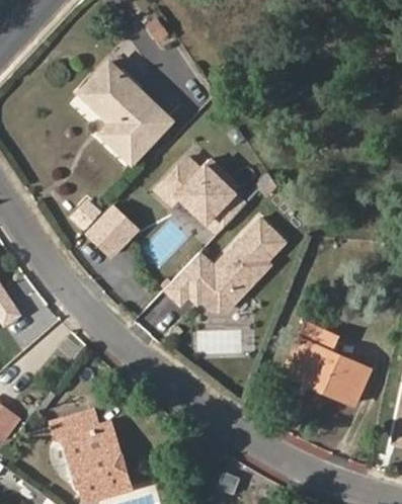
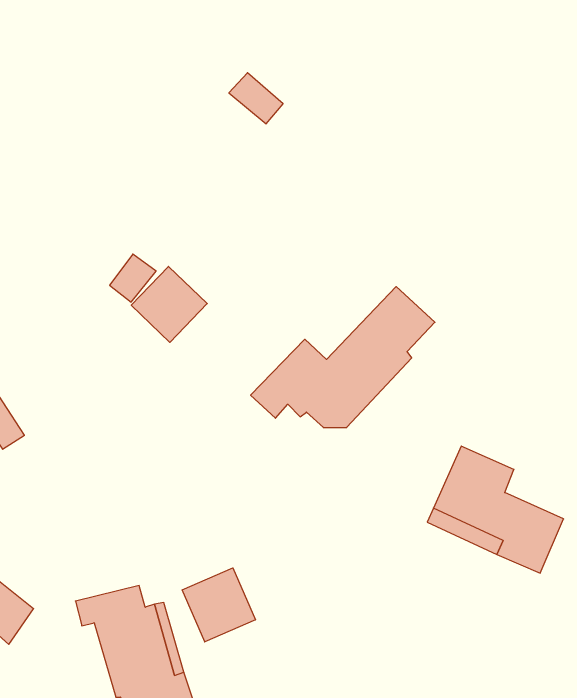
building: [81,63,170,161] -> none
building: [160,158,247,233] -> none
building: none -> [182,568,255,642]

